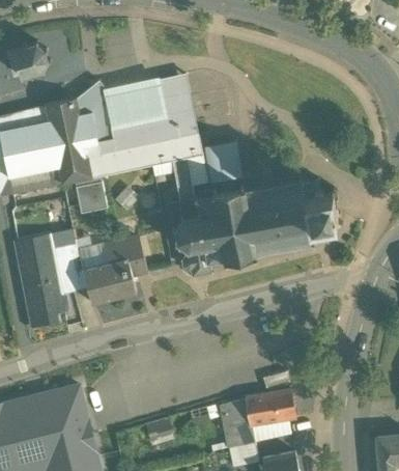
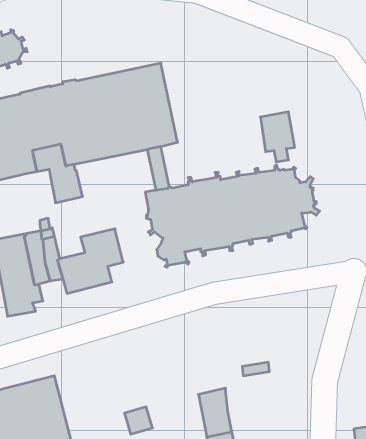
building: [205,141,239,191] -> [260,112,295,162]
building: [249,391,297,420] -> none

